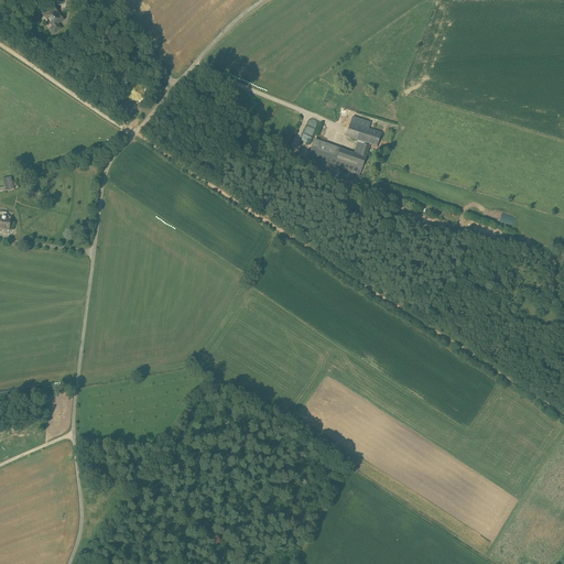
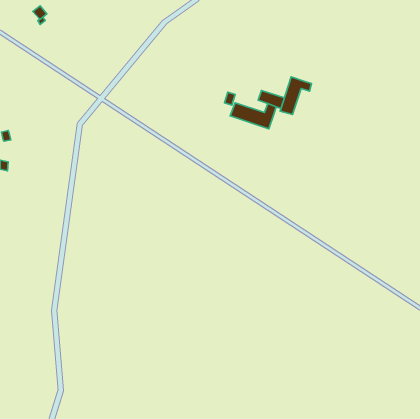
building: none -> [280,77,312,115]

